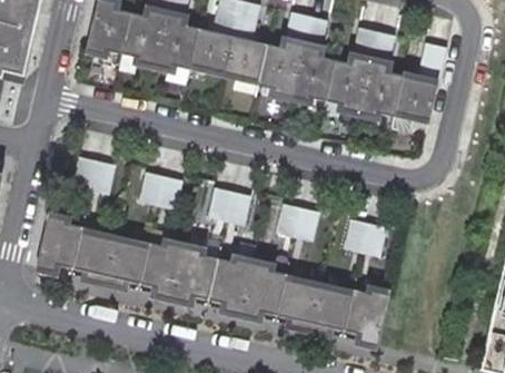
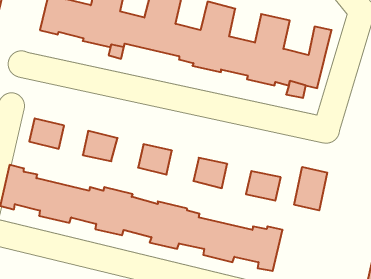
building: none -> [294,167,327,210]

